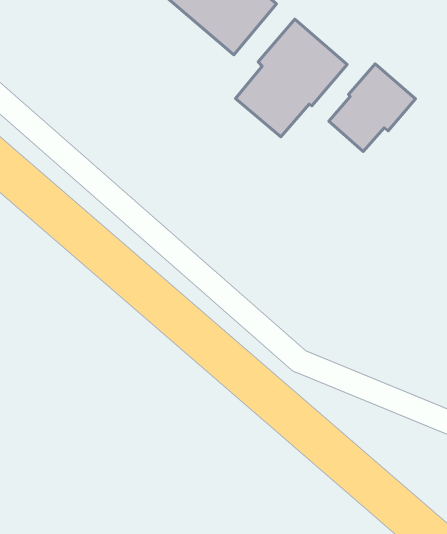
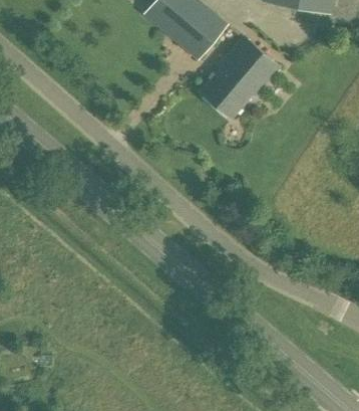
building: [329,64,416,151] -> none

